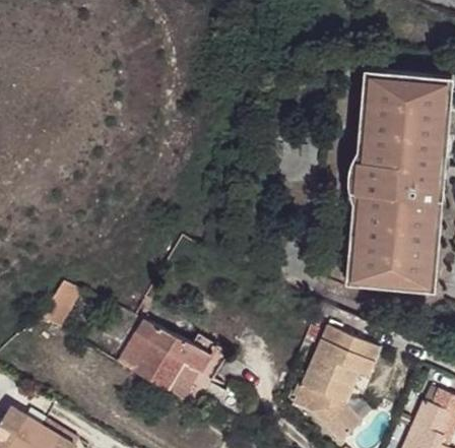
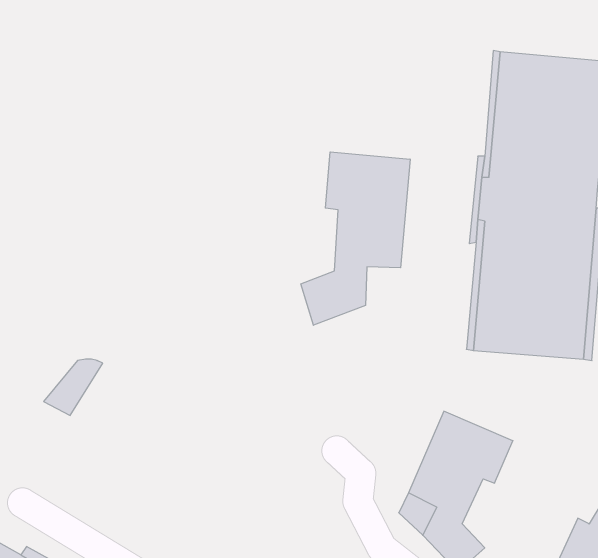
building: none -> [301,152,410,325]
building: [118,318,217,401] -> none

